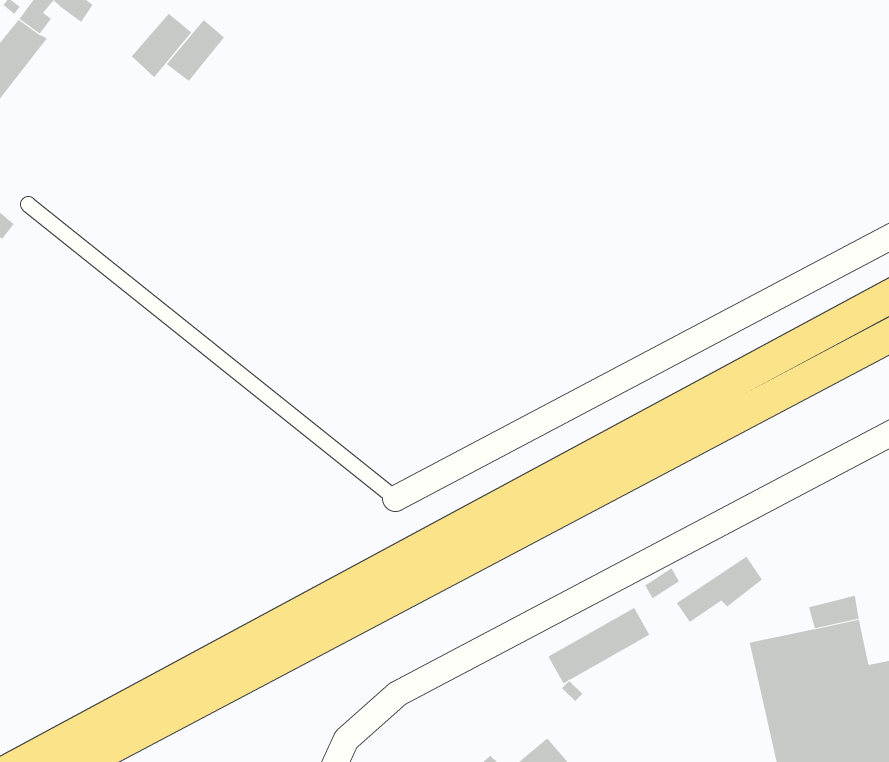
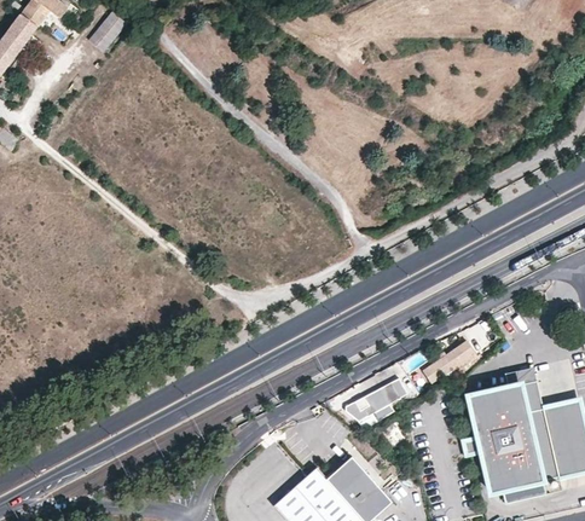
building: [166,19,225,82] -> none

